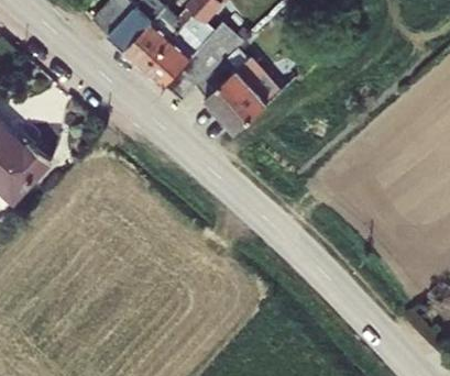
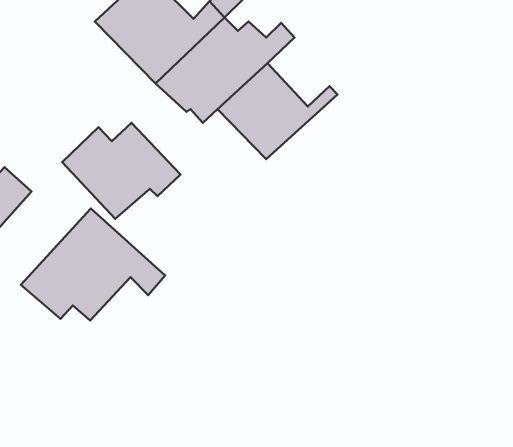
building: none -> [62,123,180,219]
building: none -> [21,208,165,321]

